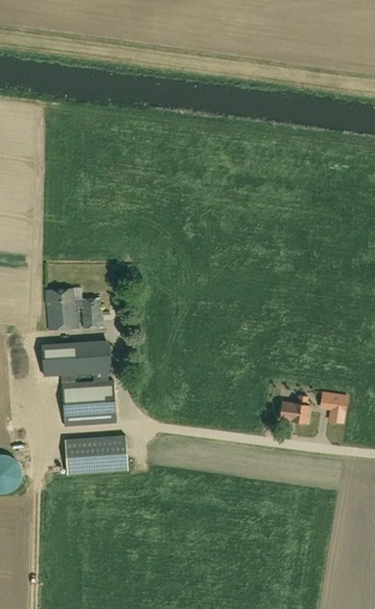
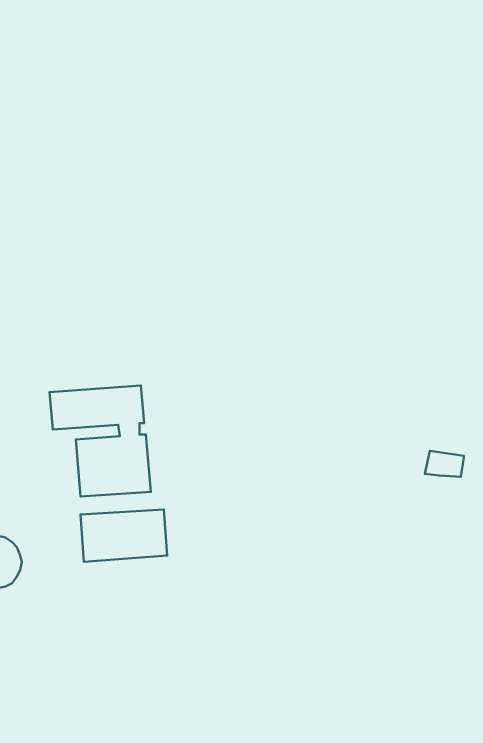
building: [44,288,101,330] -> none
building: [279,395,309,422] -> none

